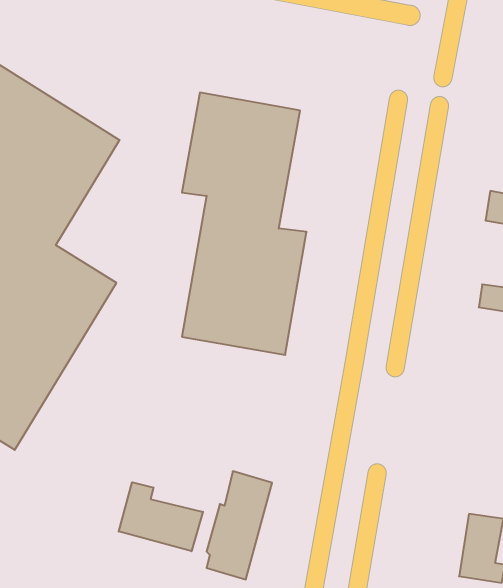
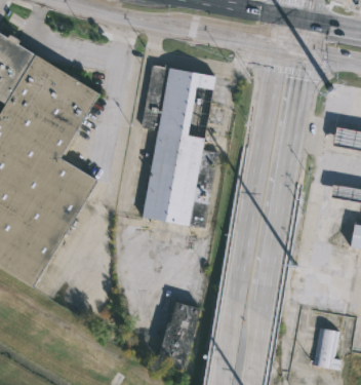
building: [119,482,203,551] -> none

